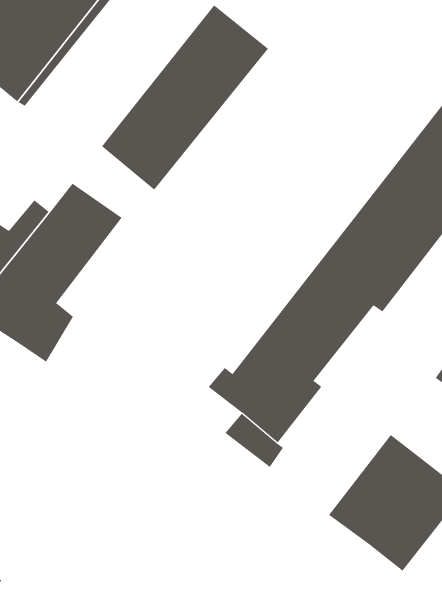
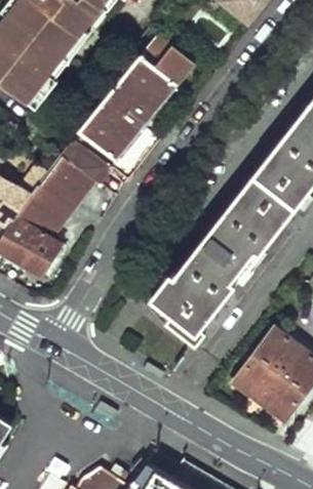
building: none -> [61,140,109,185]

